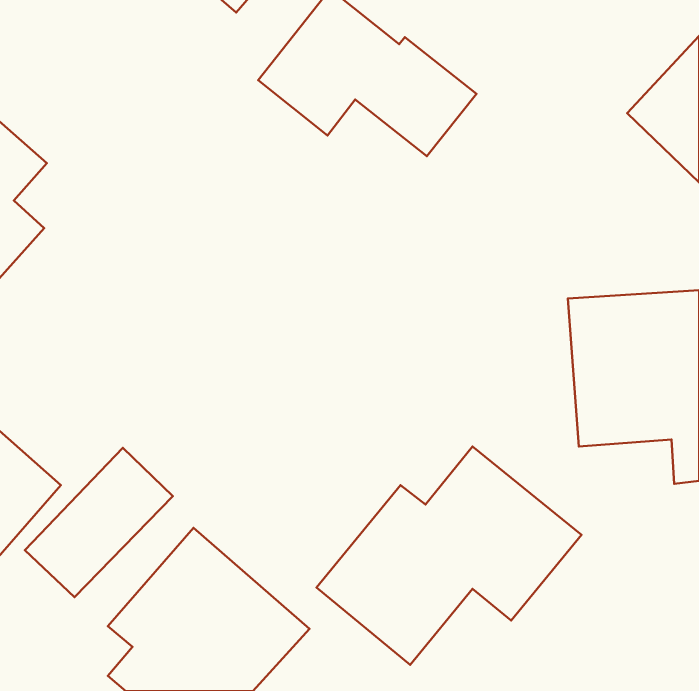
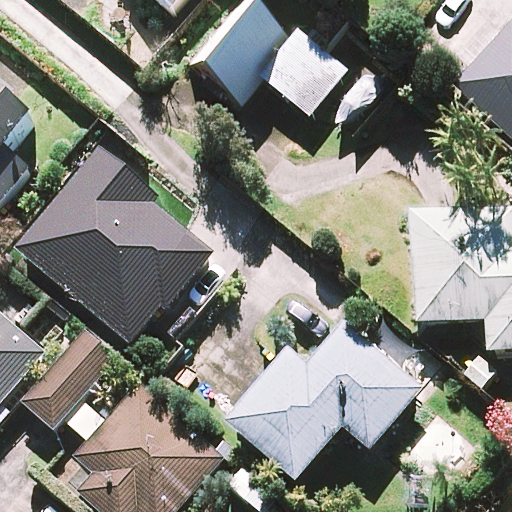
building: none -> [15,149,211,344]

